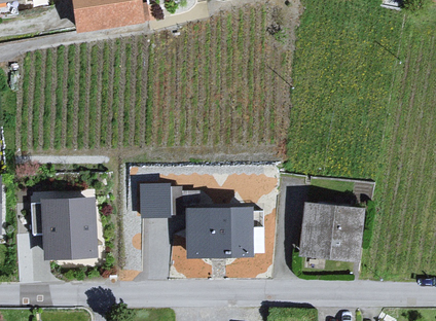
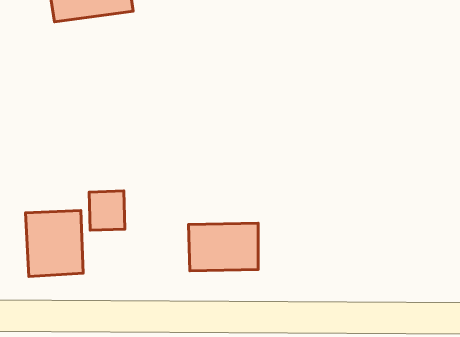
building: [141,178,173,213] -> [89,191,125,230]
building: [306,206,363,255] -> none

